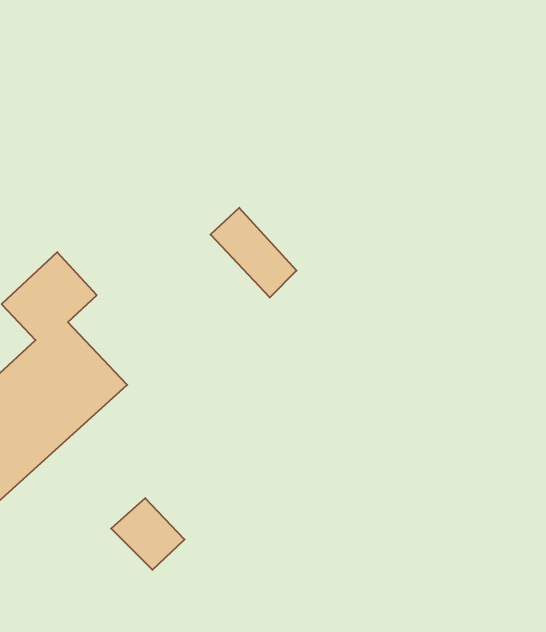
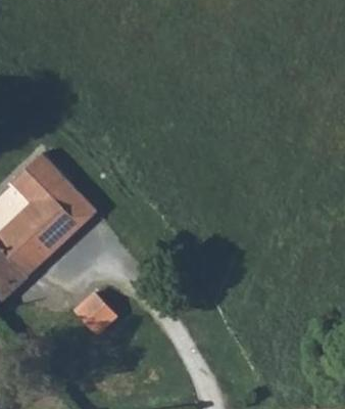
building: [210,208,297,298] -> [48,177,97,228]

